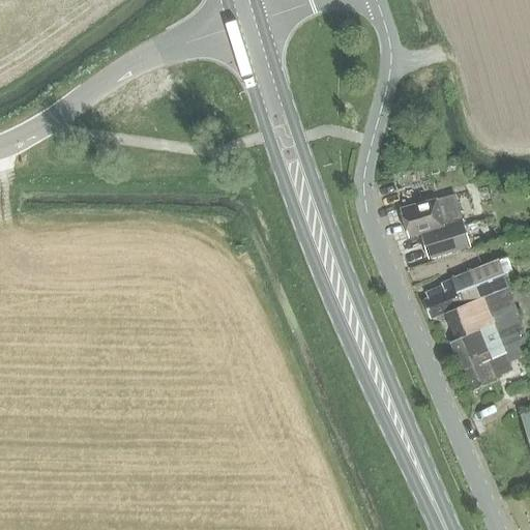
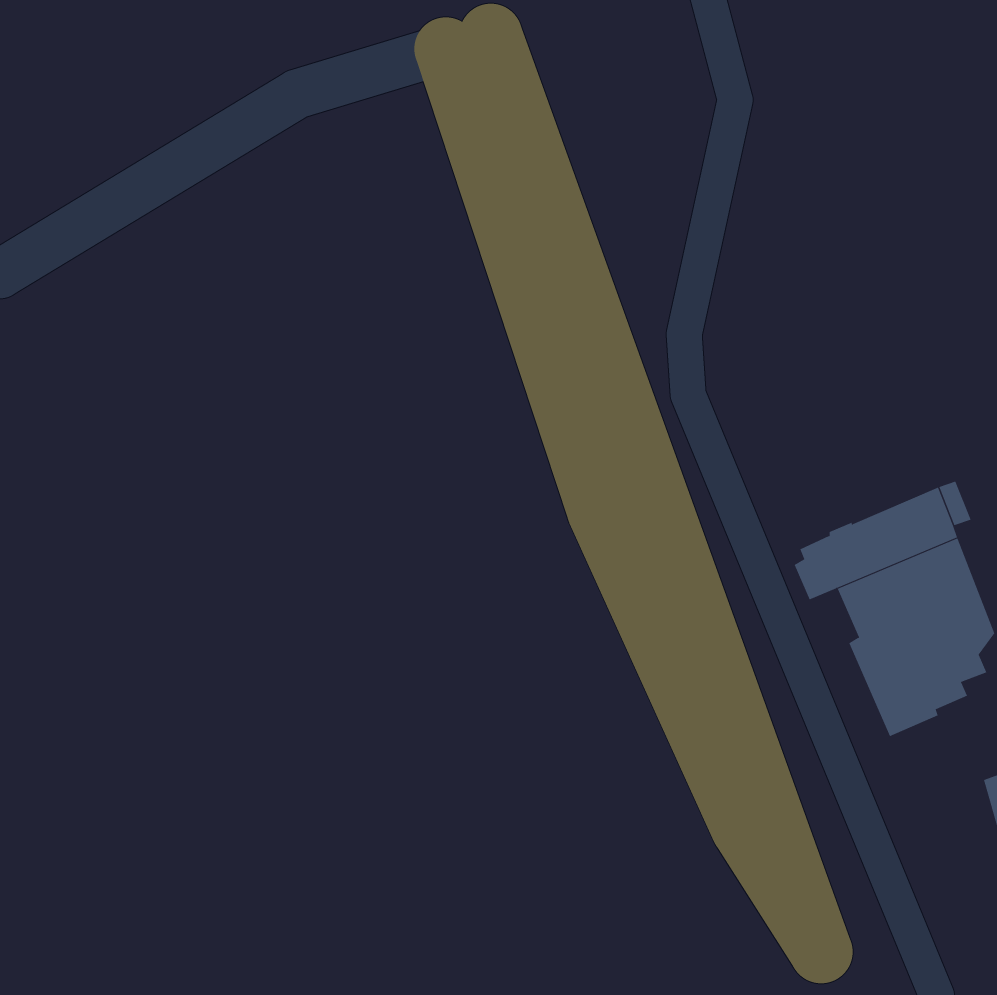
building: [400,197,480,257] -> none

